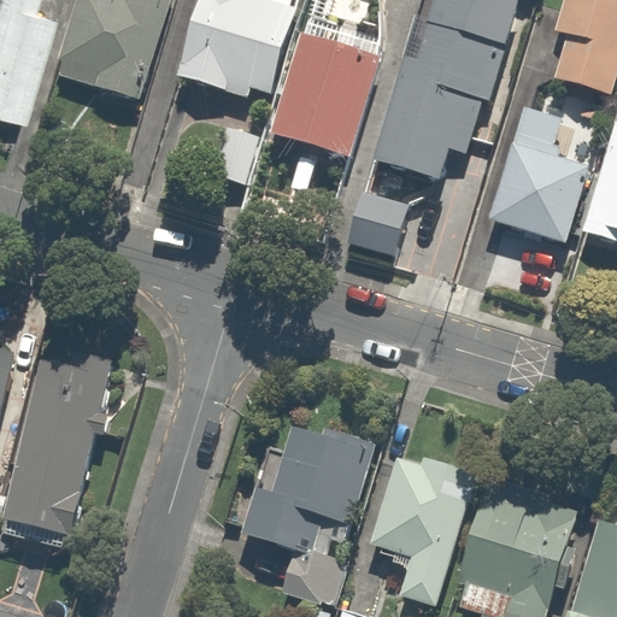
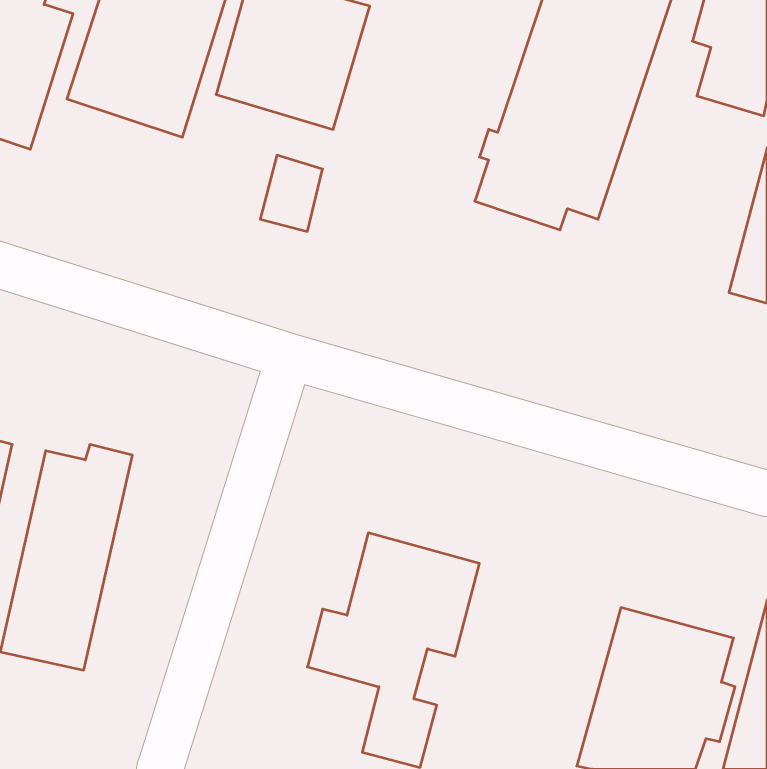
building: [274,25,393,159] -> none
building: [487,111,589,243] -> none
building: [341,190,402,257] -> none
building: [374,453,478,600] -> none

